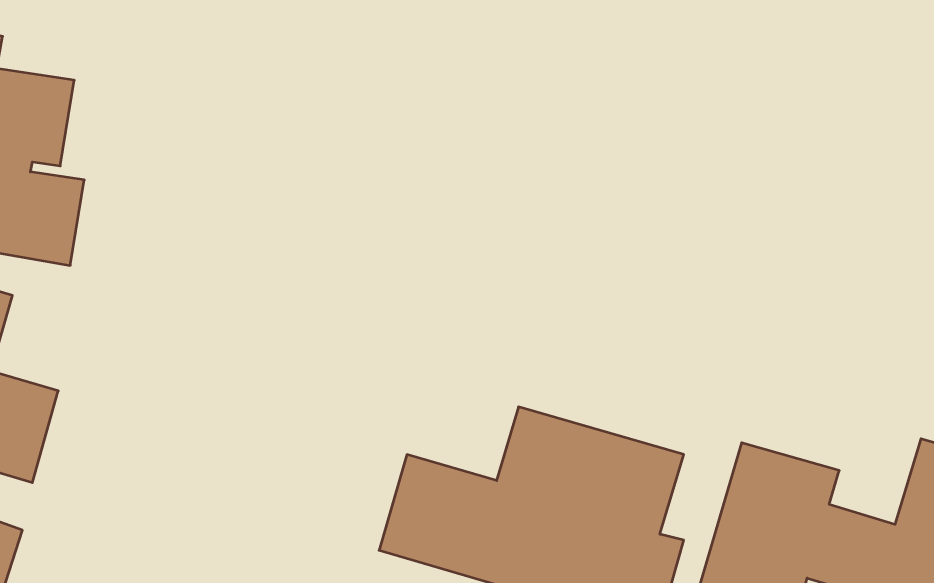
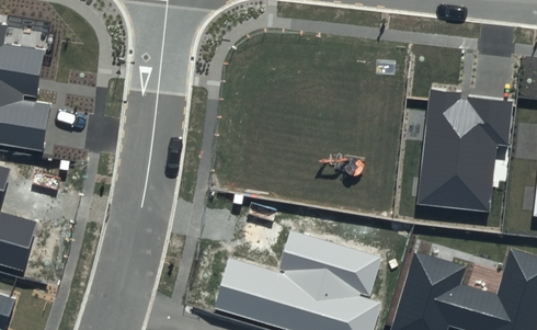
building: none -> [415,88,512,212]

